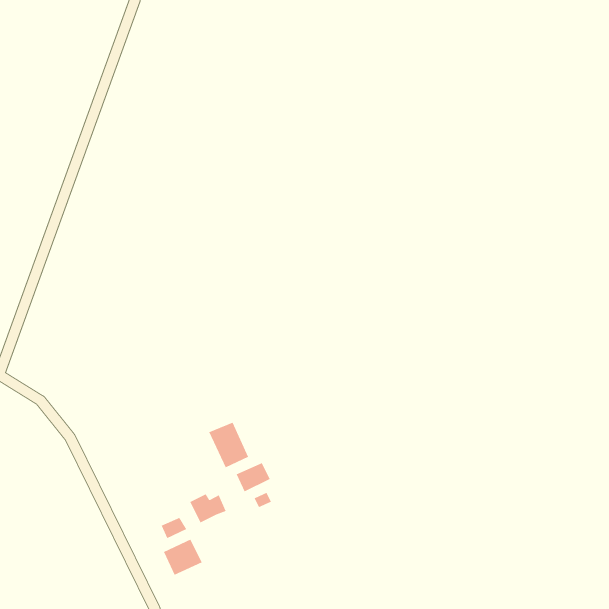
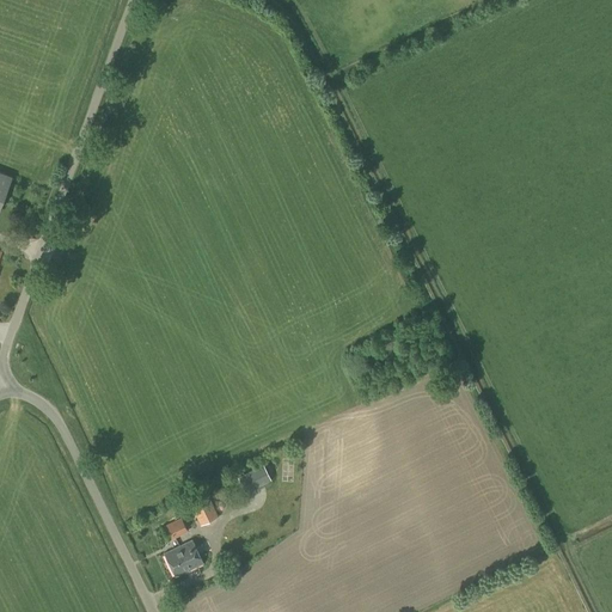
building: [209,422,249,468] -> none

